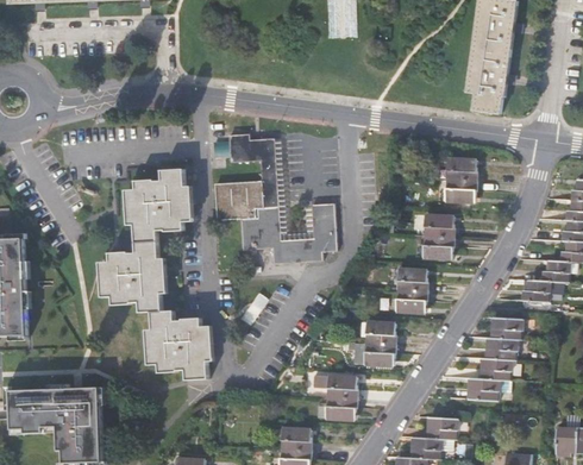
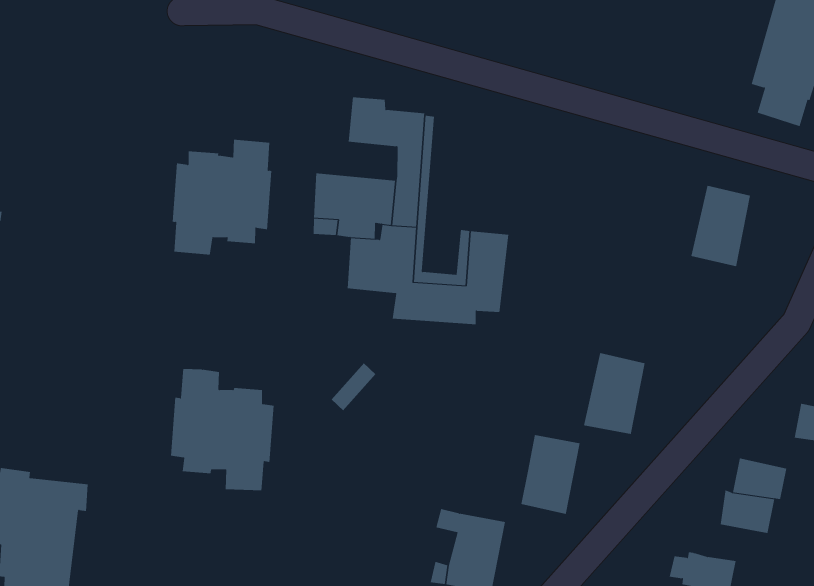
building: [424,213,453,258] -> none
building: [102,240,164,310] -> none
building: [472,357,510,379] -> none

